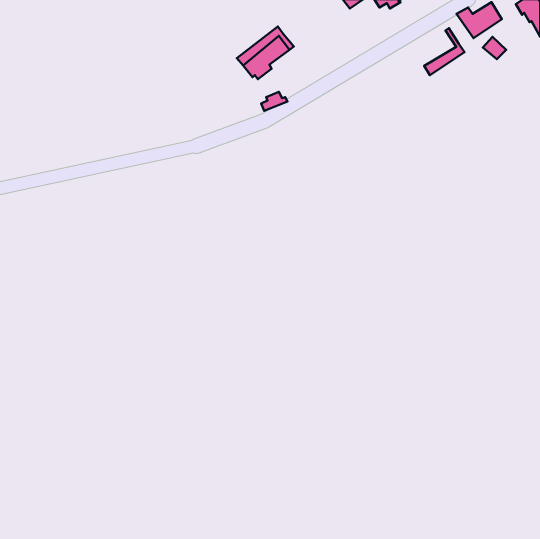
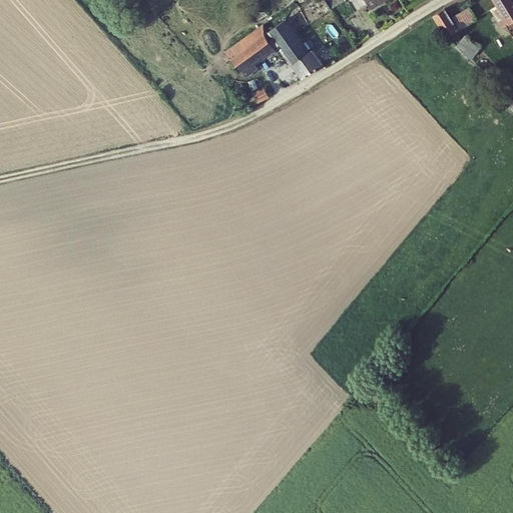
building: none -> [269,19,323,77]
building: [424,28,465,75] -> none

